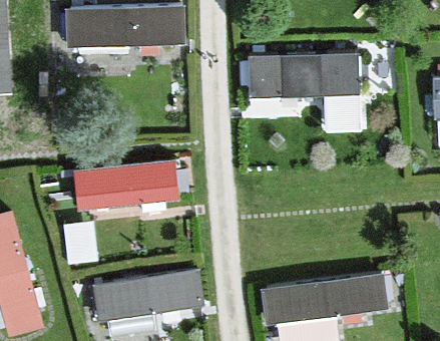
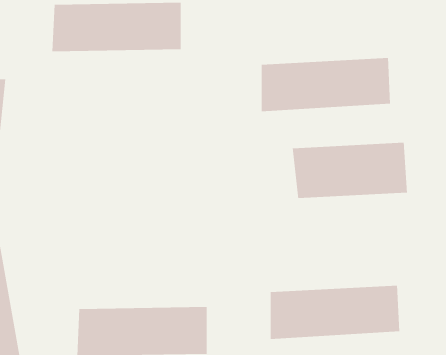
building: none -> [292,142,407,199]
building: [70,170,185,214] -> none

